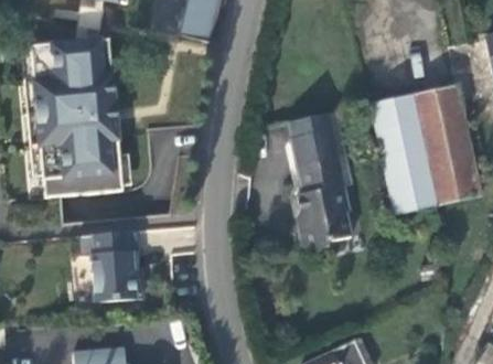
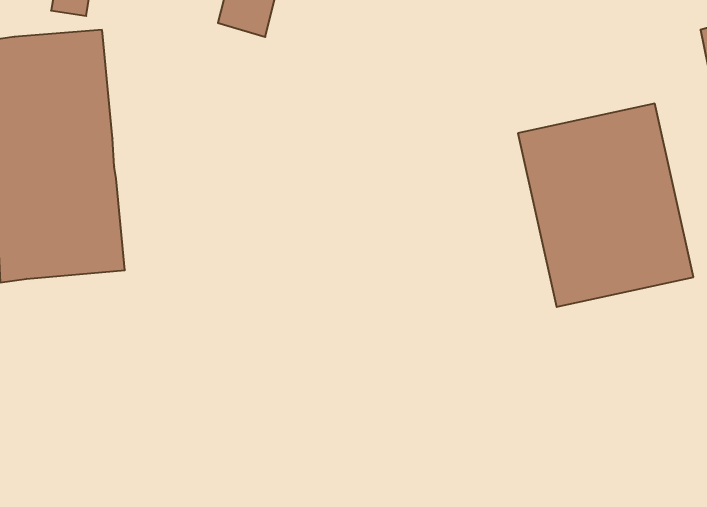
building: [286,110,352,249] -> none
building: [77,229,141,301] -> none

